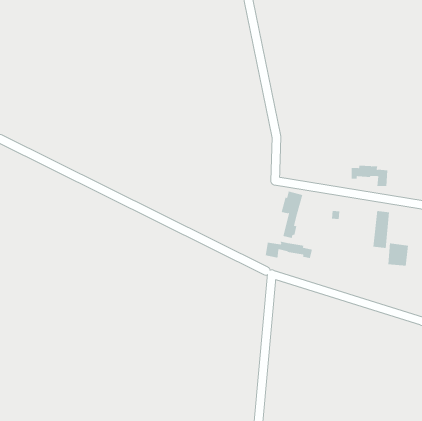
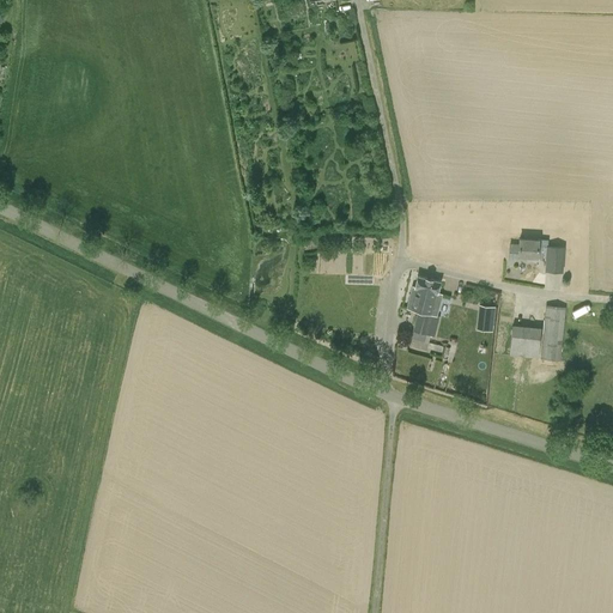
building: [265,241,313,259] -> none
building: [387,243,409,266] -> [510,326,541,359]

